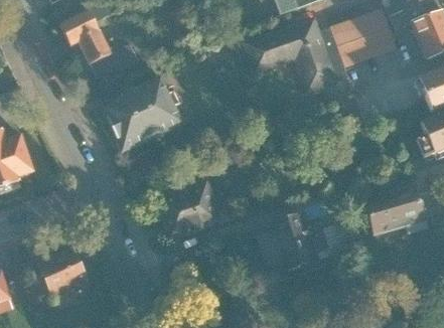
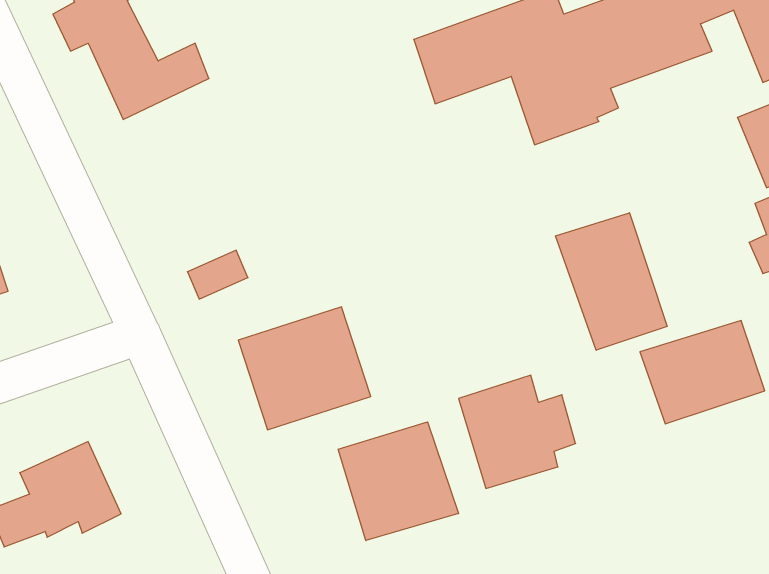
building: [96,77,182,157] -> none
building: none -> [555,213,667,350]
building: none -> [338,422,458,541]

